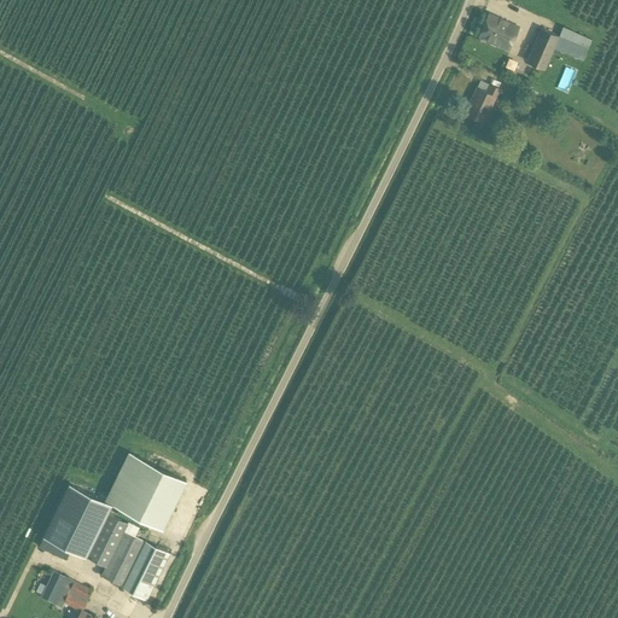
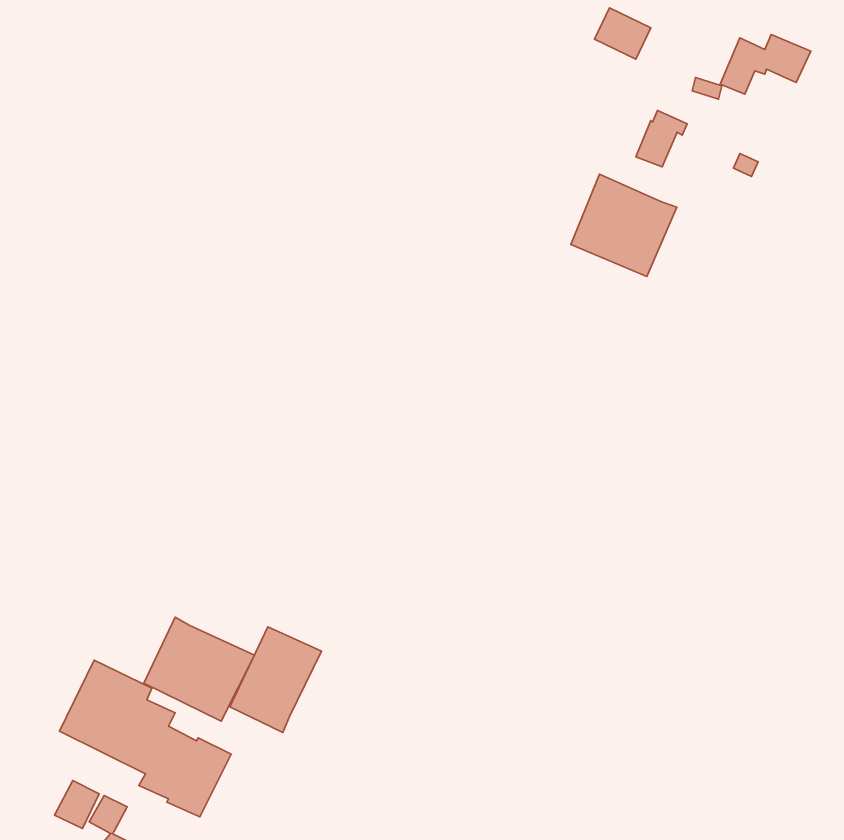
building: [478,16,519,53] -> [595,8,651,59]
building: none -> [571,174,677,277]
building: none -> [230,627,322,732]

